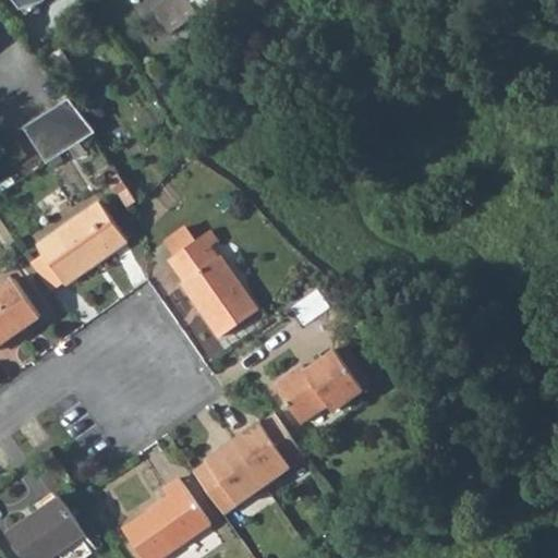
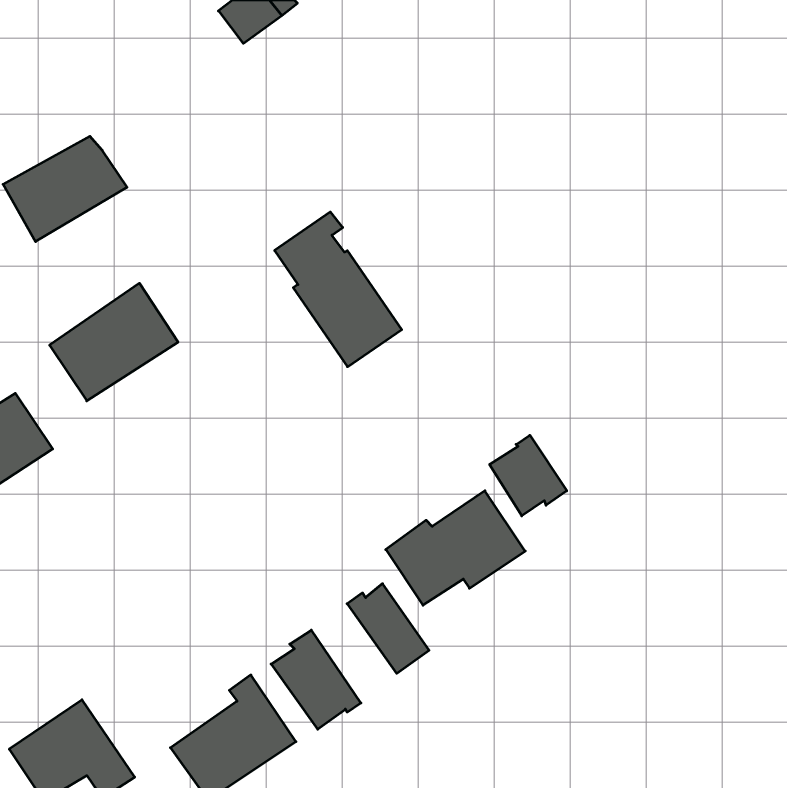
building: [168,228,257,337] -> [275,212,402,367]
building: none -> [490,435,567,516]
building: [219,427,279,497] -> none

